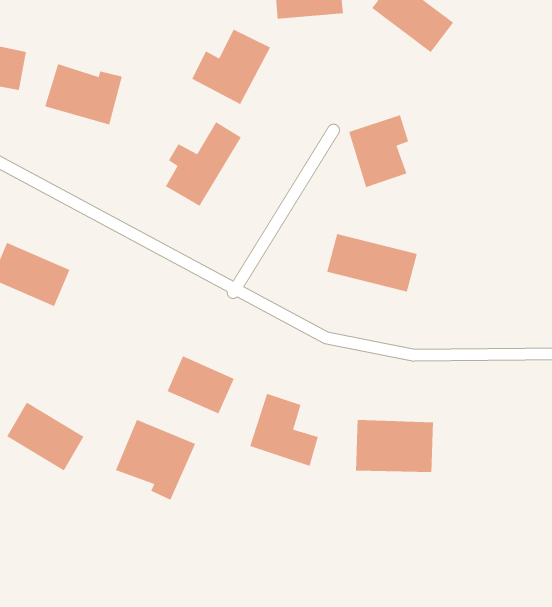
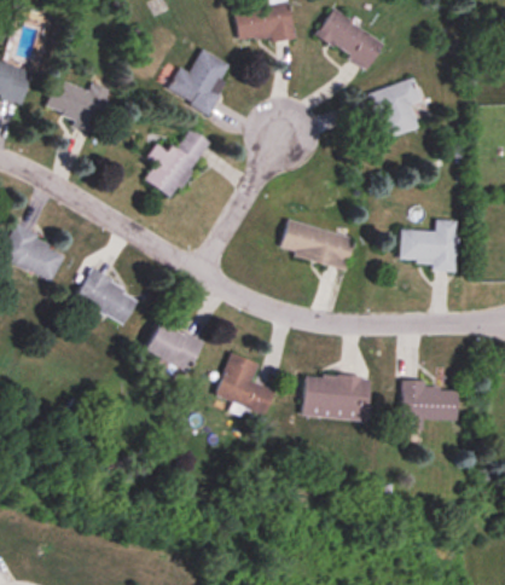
building: [348,114,409,188] -> [370,77,420,139]
building: none -> [400,219,458,272]
building: [6,402,85,471] -> [75,267,140,325]
building: [115,419,196,501] -> none
building: none -> [402,380,458,430]

